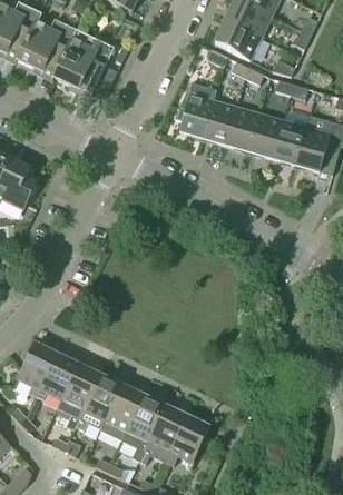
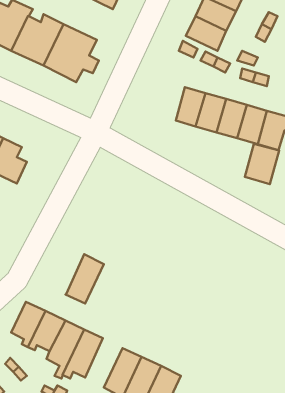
building: [174,82,215,138] -> none
building: none -> [245,144,279,184]
building: [99,384,143,439] -> [65,254,104,304]

